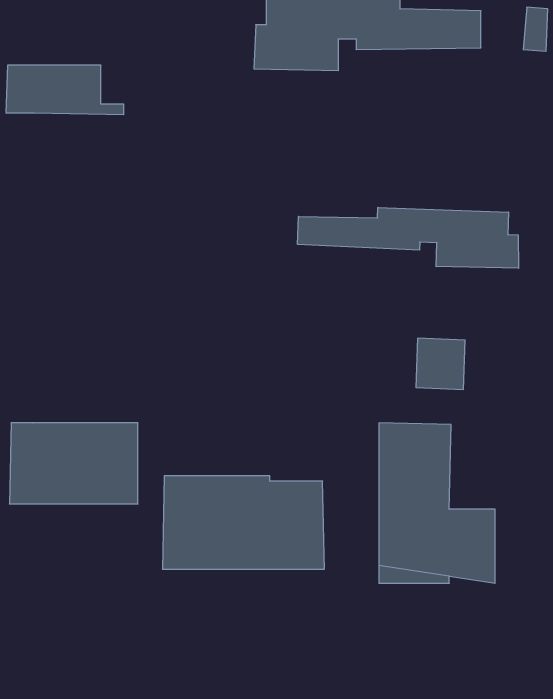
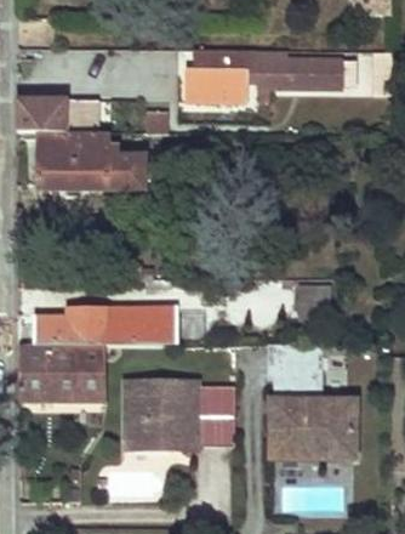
building: none -> [34,130,141,186]
building: [298,207,519,268] -> none
building: none -> [33,308,177,343]

